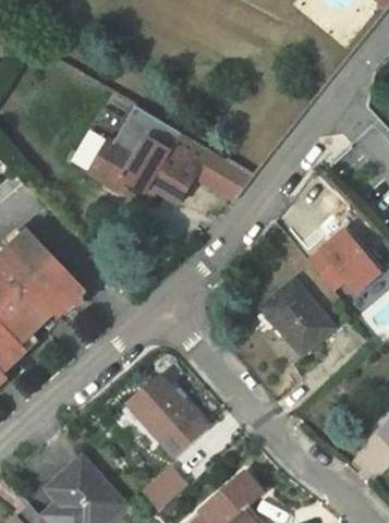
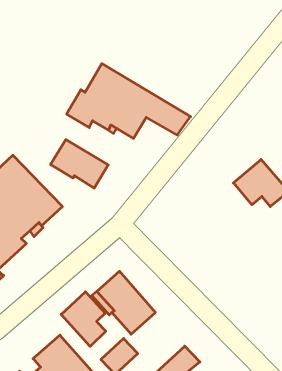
building: none -> [51,140,108,188]
building: [259,279,335,355] -> none
building: none -> [61,292,106,346]

